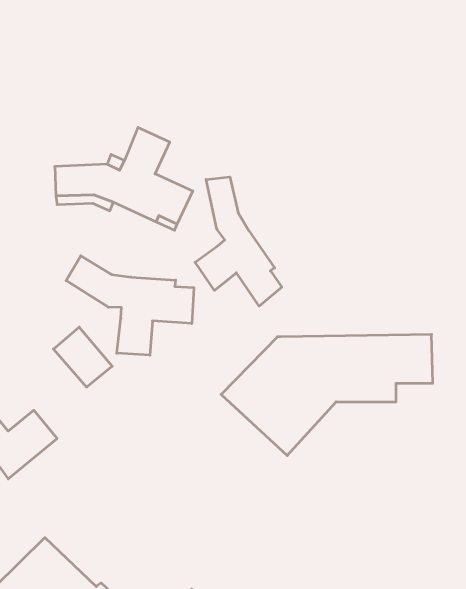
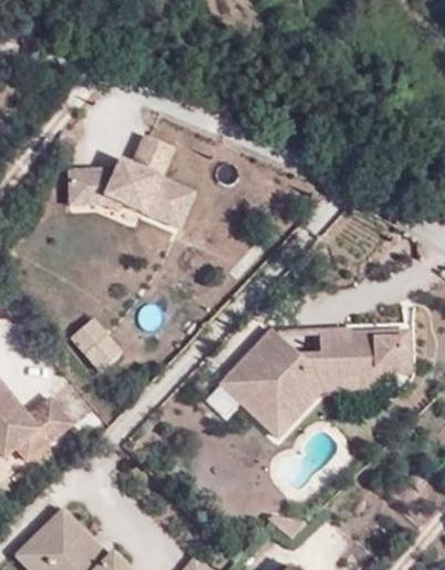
building: [195,177,282,306] -> none
building: [66,256,194,355] -> none

